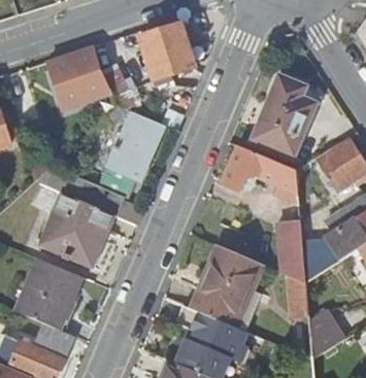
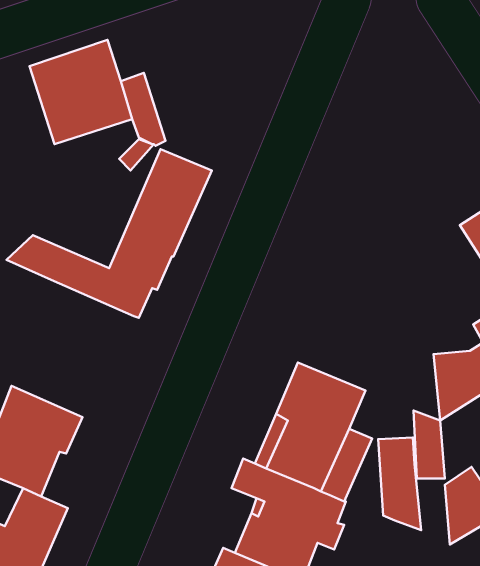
building: [142,24,197,80] -> none
building: [251,75,317,157] -> none
building: [223,146,298,201] -> none
building: [41,194,114,268] -> none
building: [278,224,305,281] -> [378,438,421,530]

